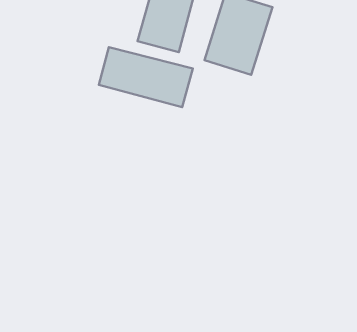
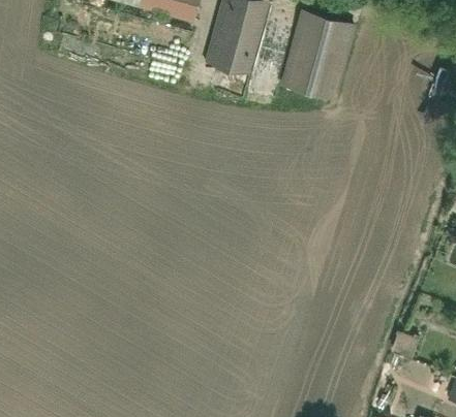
building: [99,47,193,107] -> none

